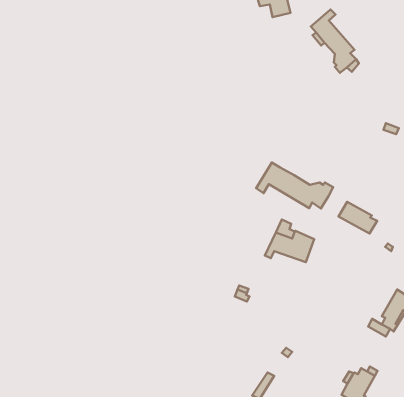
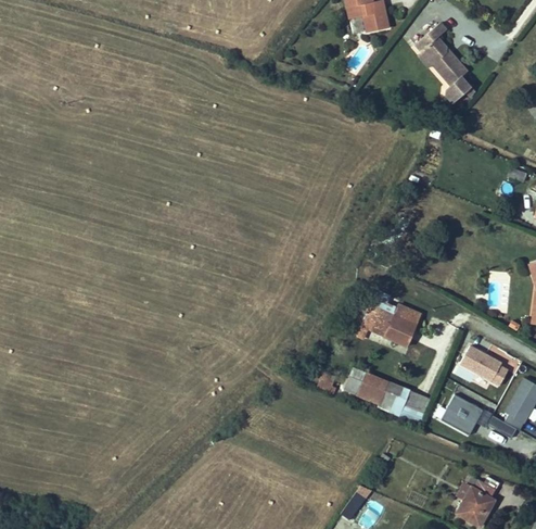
building: [256,163,333,208] -> none
building: [339,202,377,234] -> [460,345,509,386]
building: none -> [343,366,431,423]
building: none -> [441,395,483,437]

